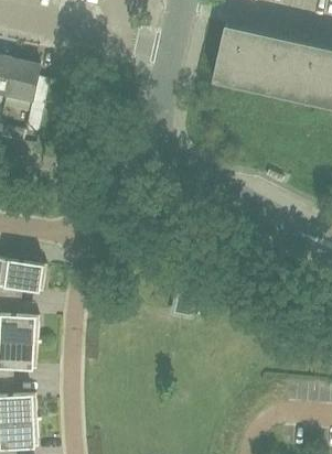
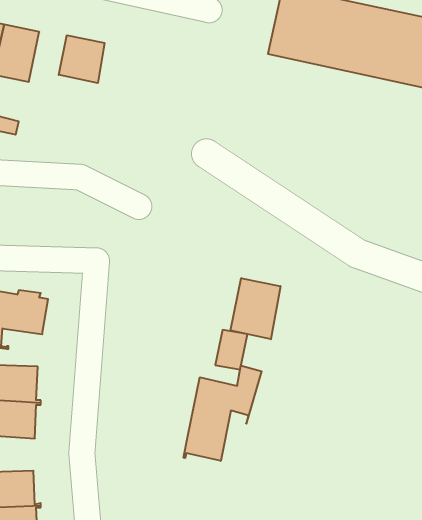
building: none -> [59,35,104,83]
building: none -> [230,278,280,339]
building: none -> [184,366,262,461]

